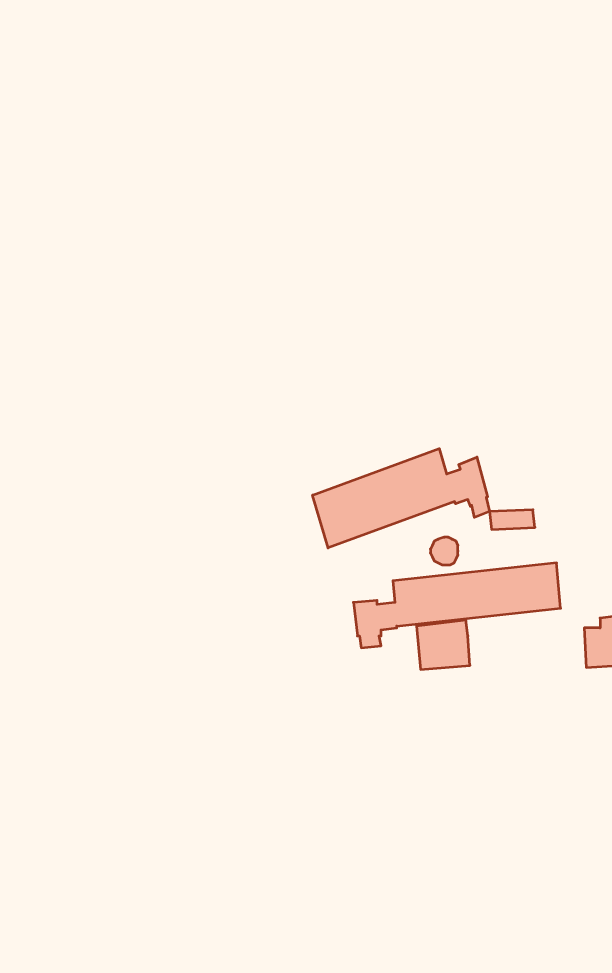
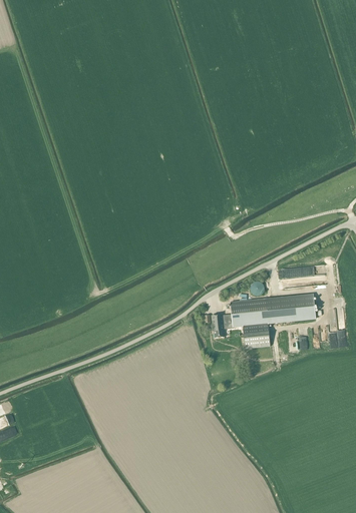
building: [313,449,490,548] -> none

